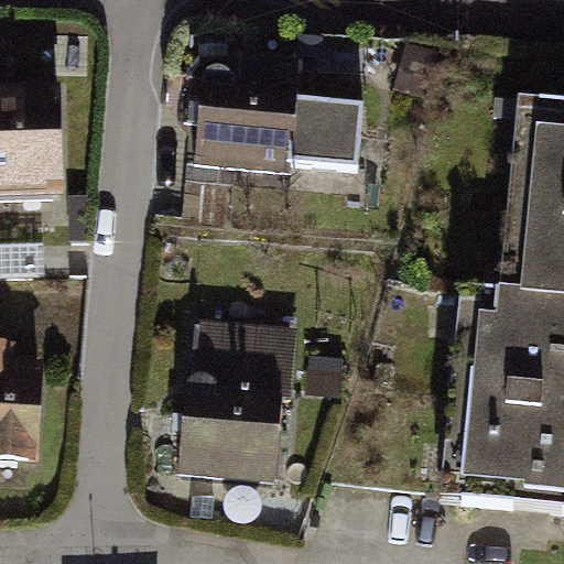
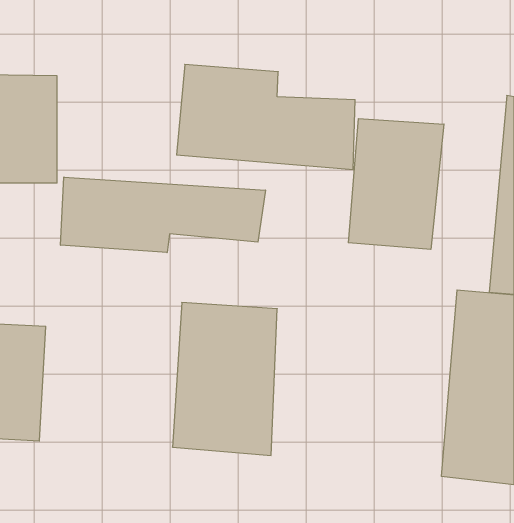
building: none -> [348,119,444,249]
building: none -> [61,177,265,253]

